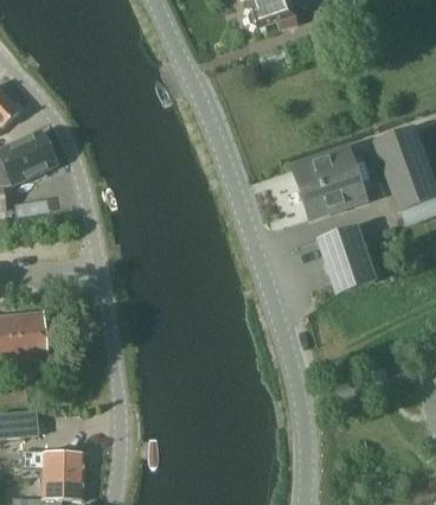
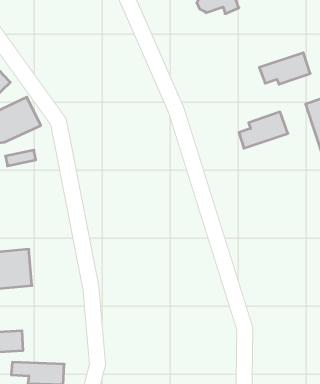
building: [303,173,365,211] -> [259,53,310,84]
building: [319,225,374,292] -> none

